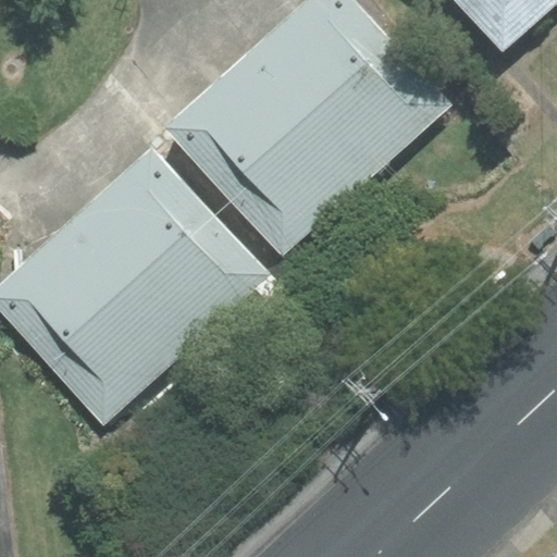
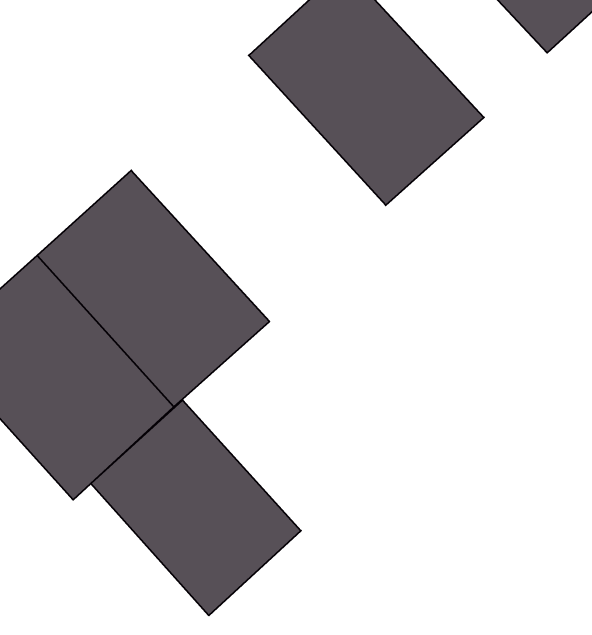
building: [166,51,367,255] -> none
building: none -> [91,400,301,615]

